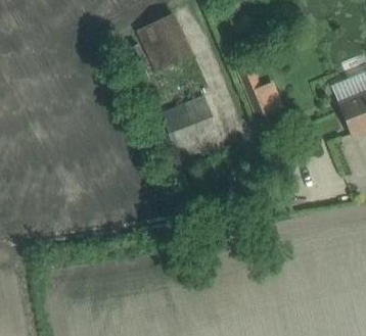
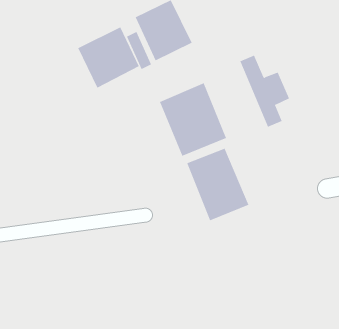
building: none -> [77,27,140,88]
building: none -> [186,148,249,221]

